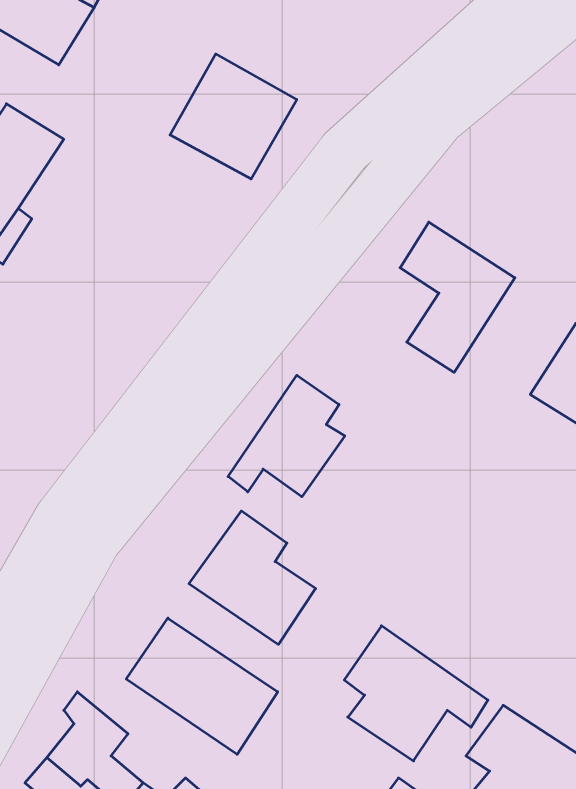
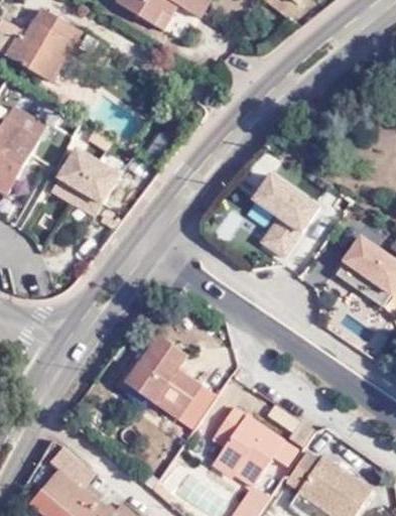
building: [170,54,297,179] -> [45,142,121,217]
building: [228,375,345,497] -> none
building: [126,618,278,754] -> none

